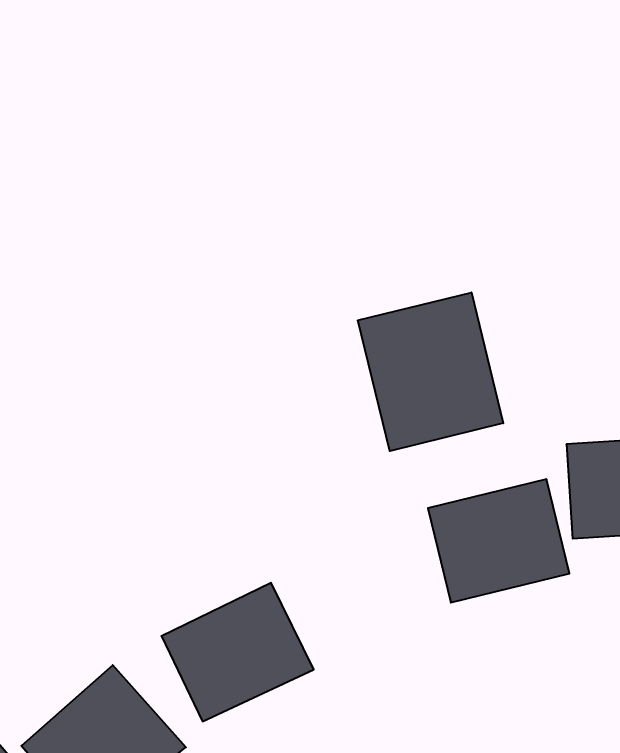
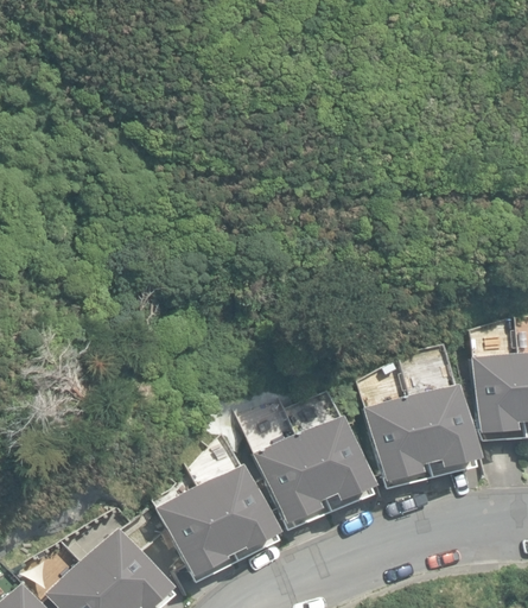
building: [358,292,503,451] -> none
building: none -> [256,418,371,521]

